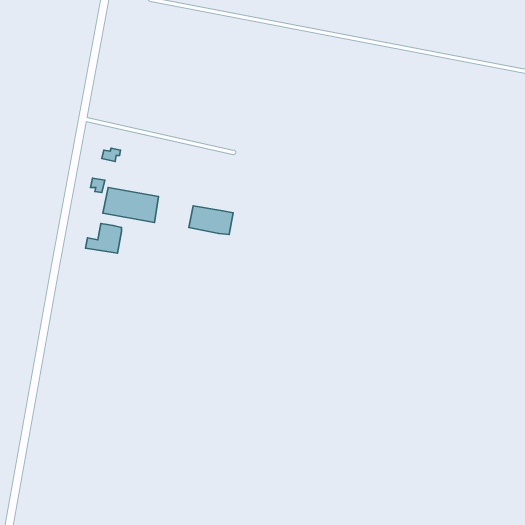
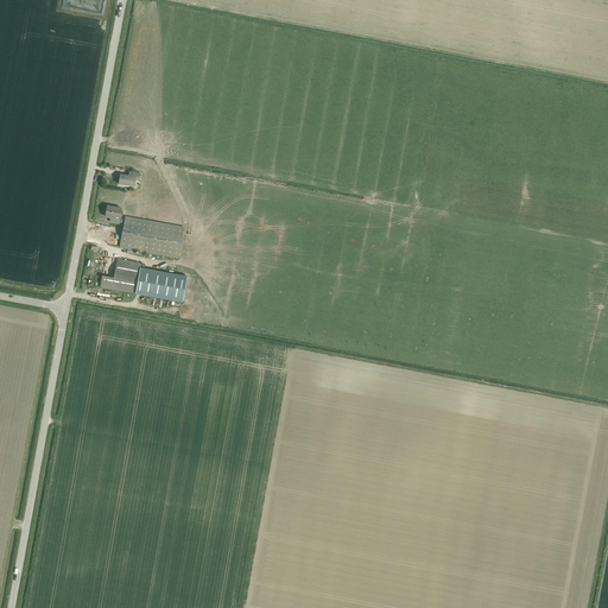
building: [189,206,233,235] -> [135,267,186,300]

